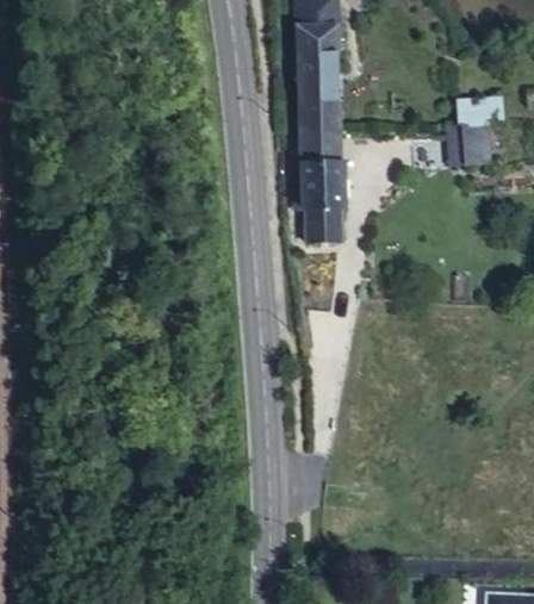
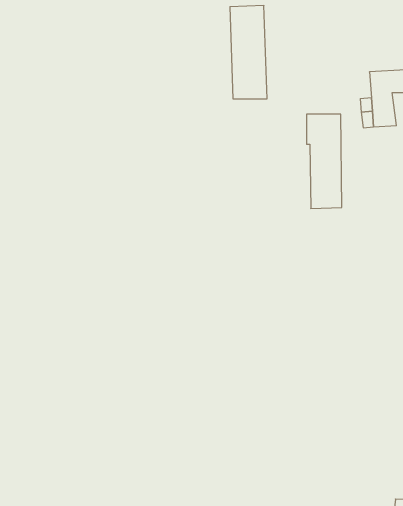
building: [300,131,341,239] -> [307,114,342,208]

